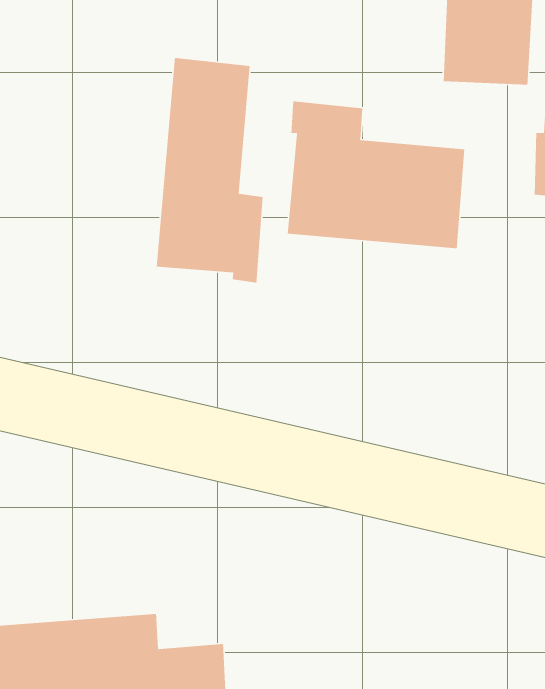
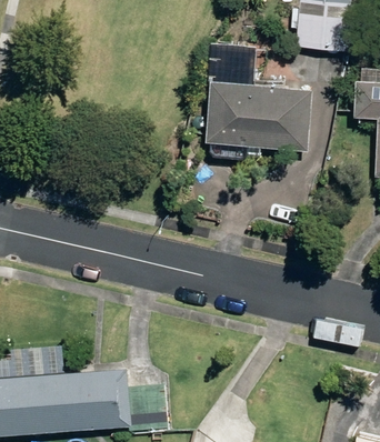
building: [156,57,264,283] -> none

